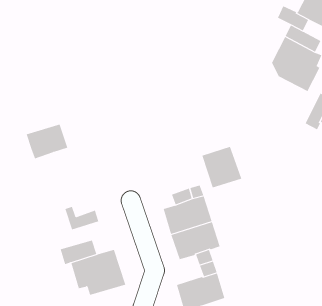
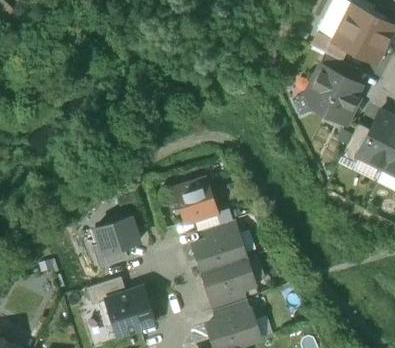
building: [26,124,68,159] -> [95,216,139,253]
building: [202,146,242,188] -> [175,178,217,222]

